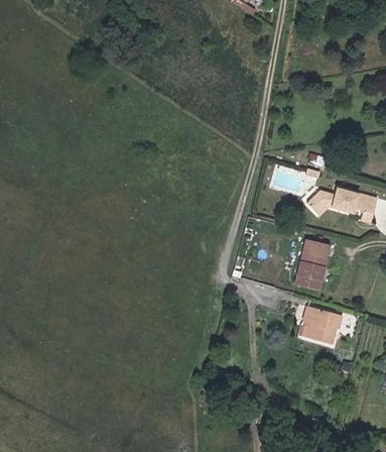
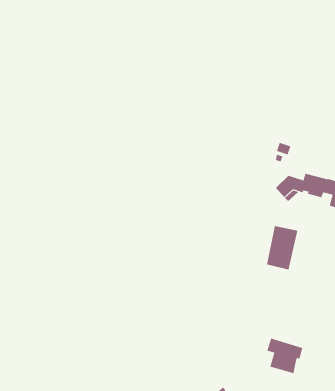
building: [303,307,341,343] -> [266,338,303,374]

